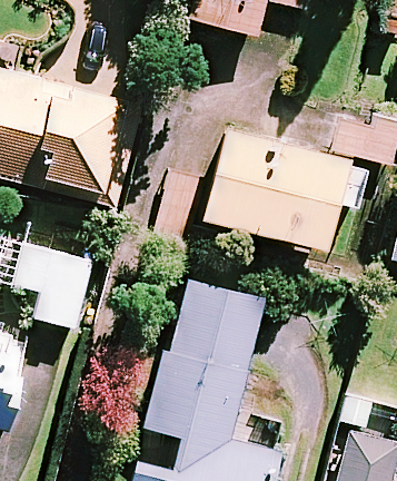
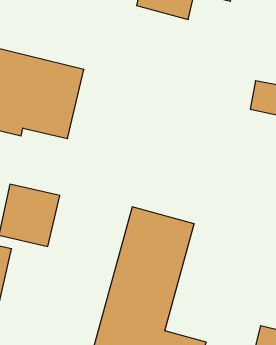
building: [204,127,347,248] -> none

